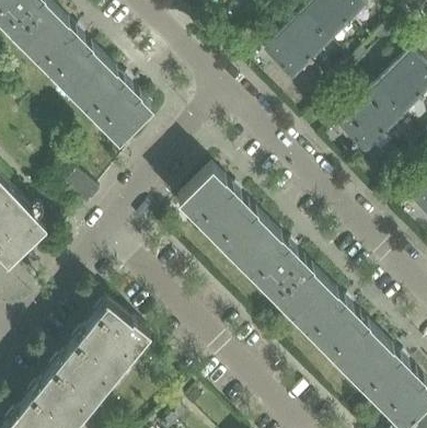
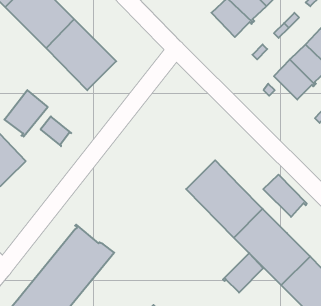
building: none -> [4,90,48,137]
building: [176,169,267,259] -> none
building: none -> [263,175,307,217]
building: none -> [223,253,263,293]

